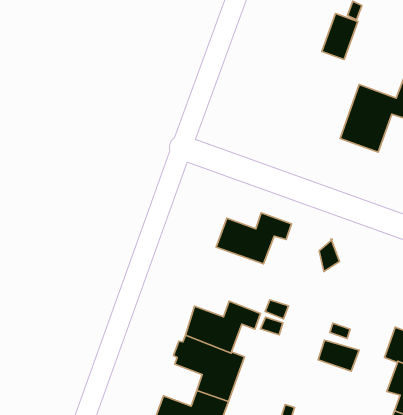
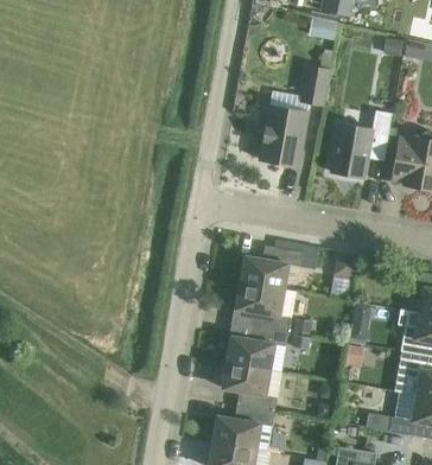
building: none -> [260,107,307,167]
building: none -> [237,284,296,333]

